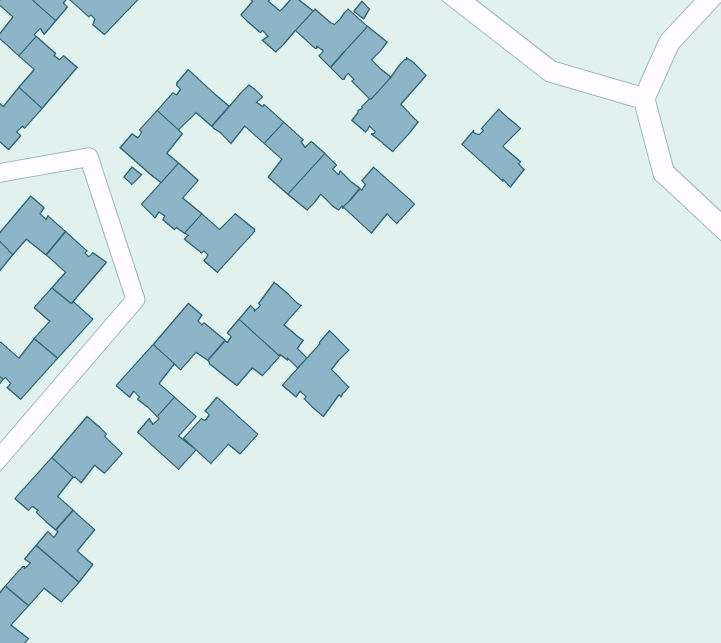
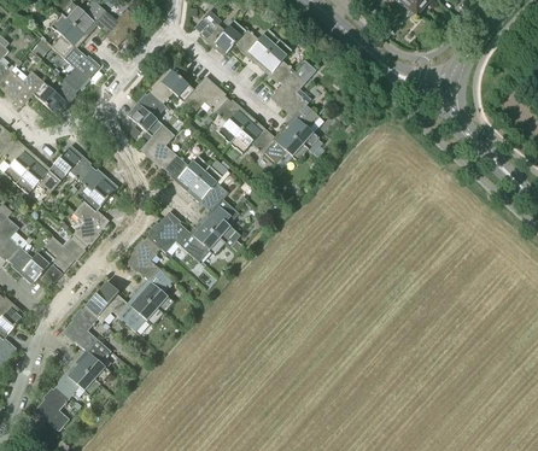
building: [462,109,524,187] -> [282,104,321,152]
building: [283,331,349,416] -> [186,157,227,210]
building: [184,397,258,464] -> [116,289,162,330]

